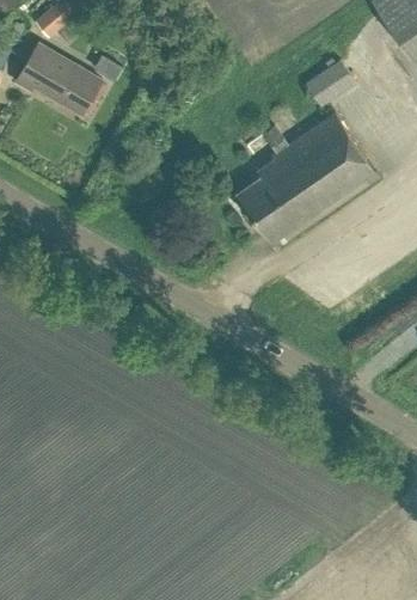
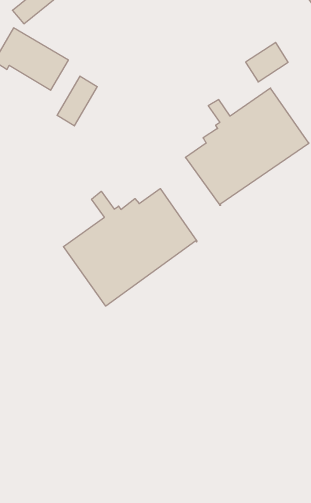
building: none -> [57,76,97,126]
building: none -> [63,189,197,306]

